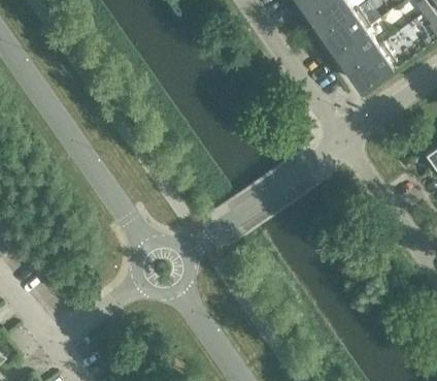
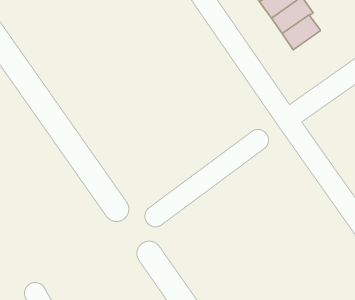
building: [346,46,395,90] -> none

